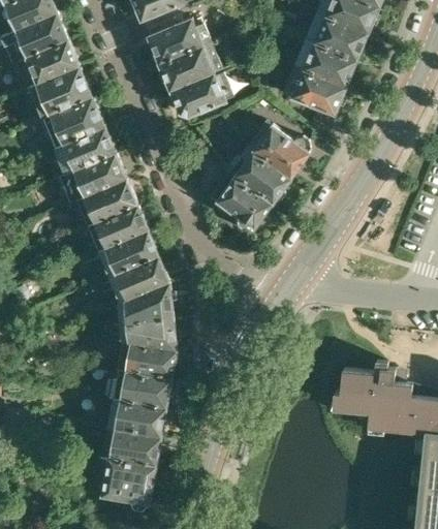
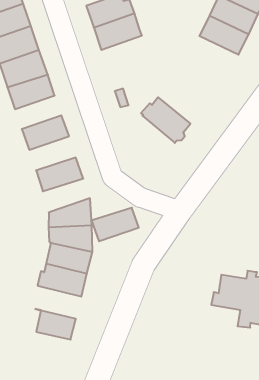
building: [283,65,346,114] -> none
building: [170,69,232,115] -> none
building: [247,121,310,178] -> none
building: [58,153,125,203] -> none
building: [211,172,272,230] -> none
building: [87,204,147,250] -> none
building: [107,256,168,302] -> [91,208,139,241]
building: [107,398,165,436] -> none
building: [99,455,155,509] -> none

